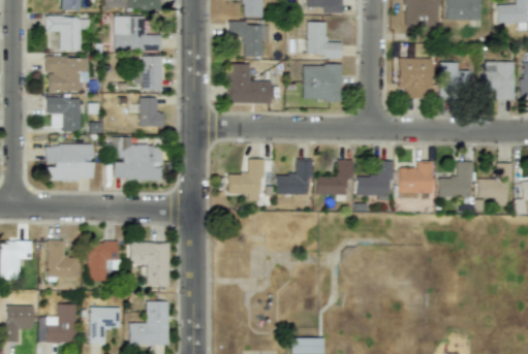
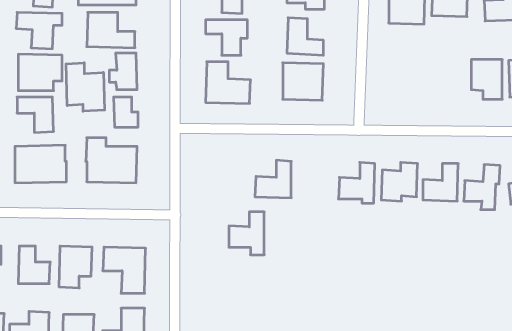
building: [399,57,433,97] -> none
building: [439,62,470,89] -> none
building: none -> [66,63,105,111]
building: [228,159,262,200] -> [229,212,264,255]
building: [317,159,353,194] -> none

